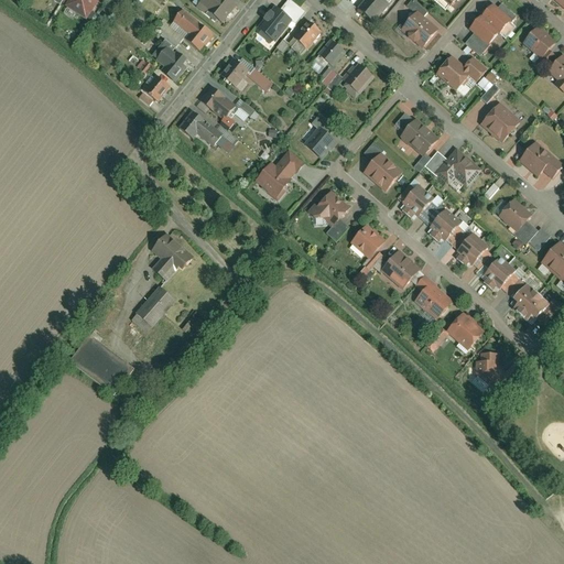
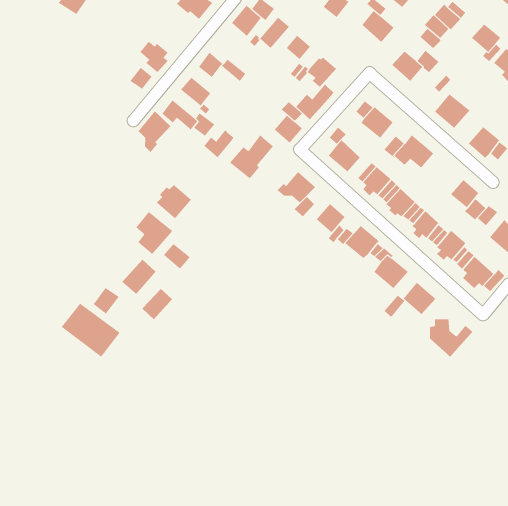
building: [174,10,212,48] -> none
building: none -> [296,84,334,120]
building: none -> [138,111,171,153]
building: none -> [203,129,234,158]
building: none -> [156,184,192,219]
building: none -> [163,243,191,270]
building: none -> [93,287,120,315]
building: none -> [142,288,173,320]

